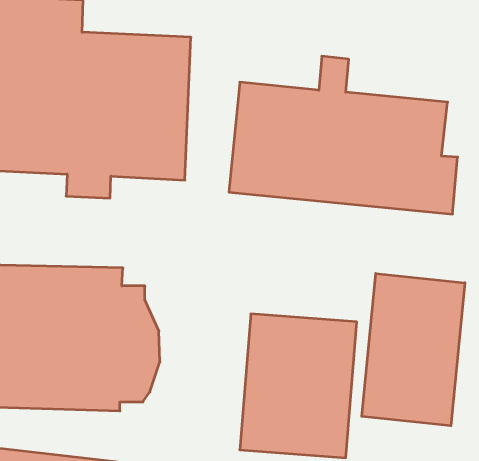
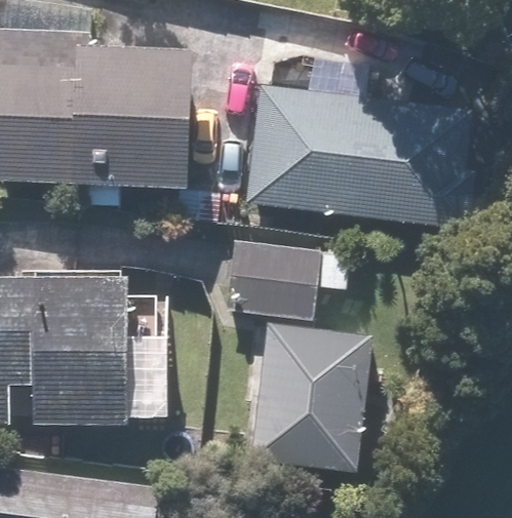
building: none -> [222,245,347,313]
building: [362,273,465,426] -> none

